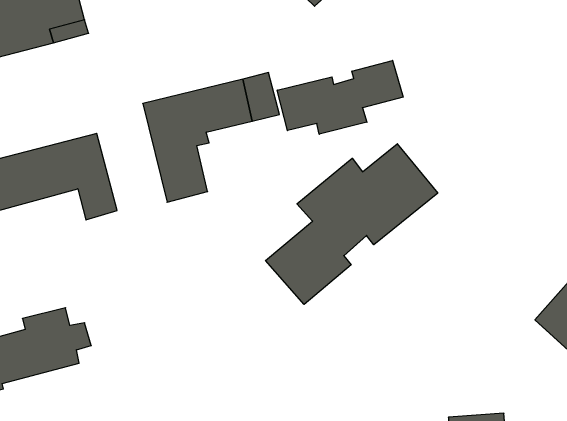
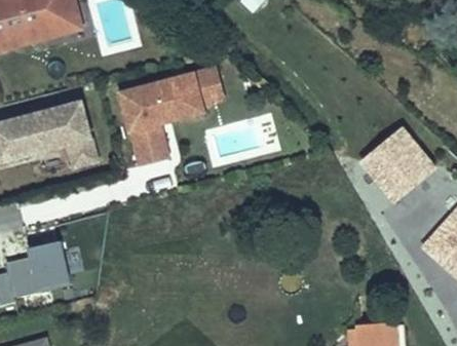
building: [277,60,403,134] -> none
building: [266,144,438,304] -> none
building: none -> [357,126,434,202]

